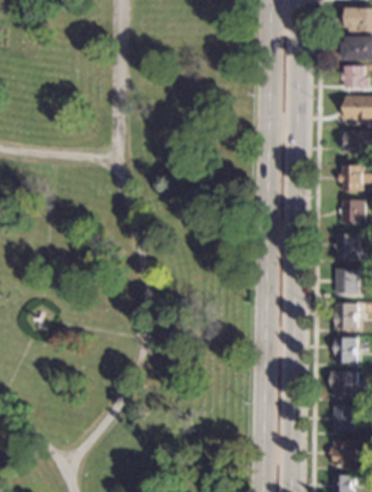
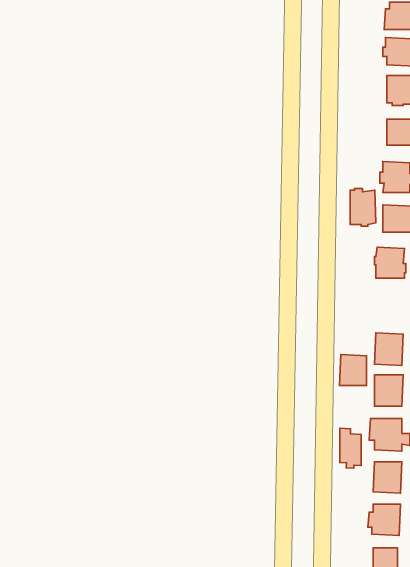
building: none -> [350,189,376,226]
building: [336,269,358,294] -> [339,354,367,386]
building: none -> [340,428,361,468]

